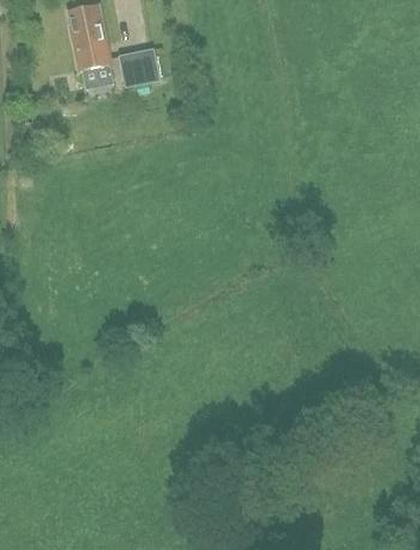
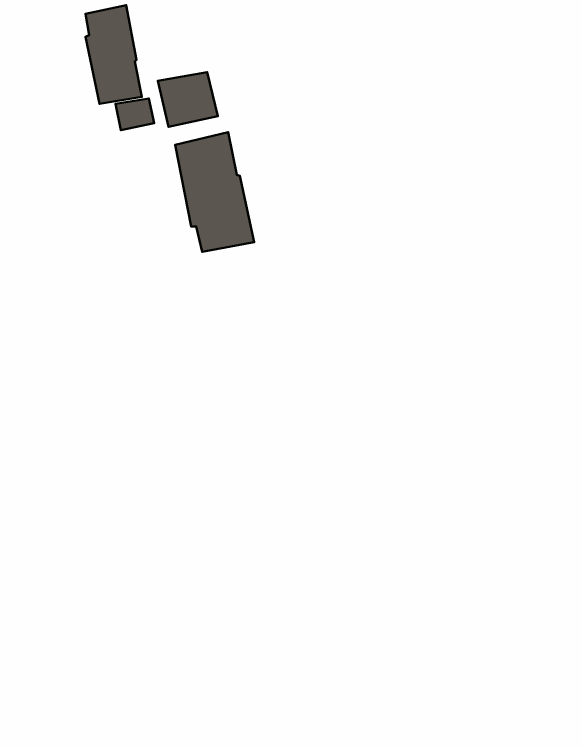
building: none -> [175,132,254,252]

